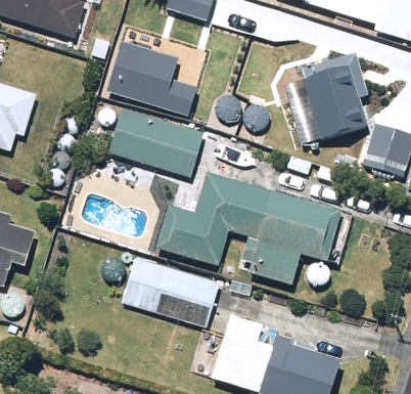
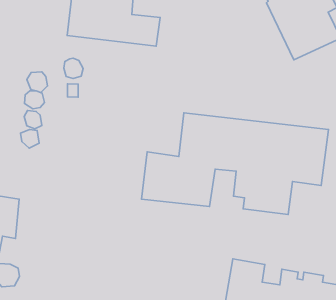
building: [107,107,202,177] -> none
building: [121,257,219,326] -> none

